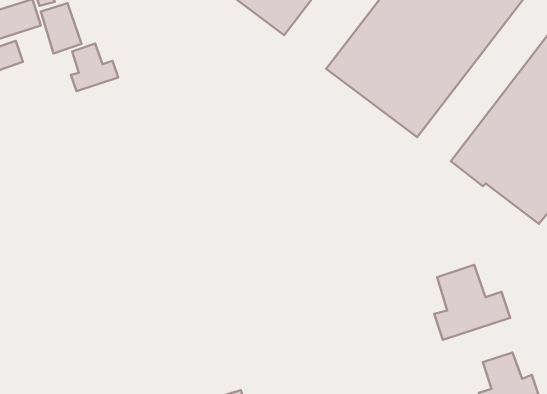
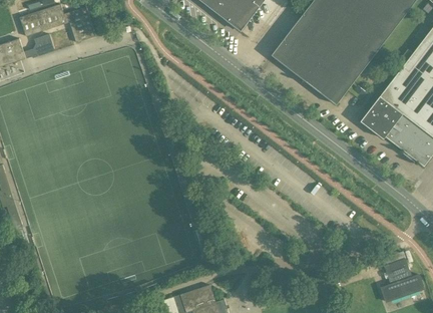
building: [71,44,118,91] -> none
building: [434,265,510,340] -> none

